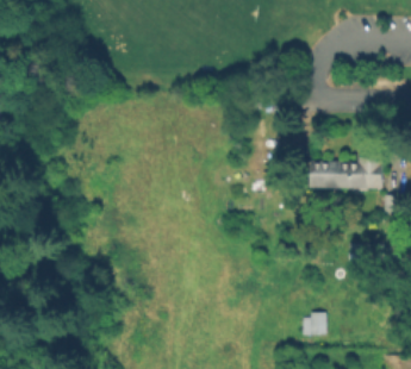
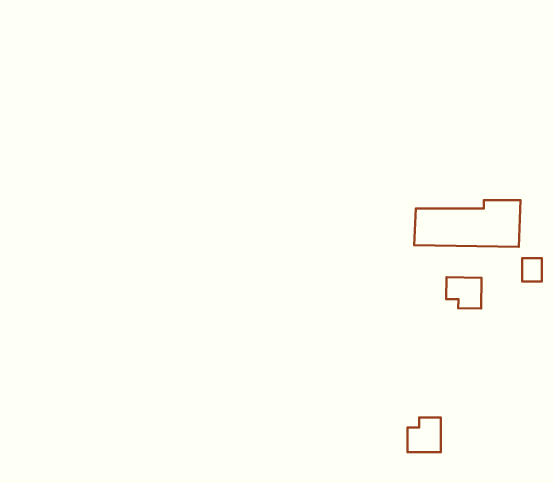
building: none -> [446,277,482,308]

